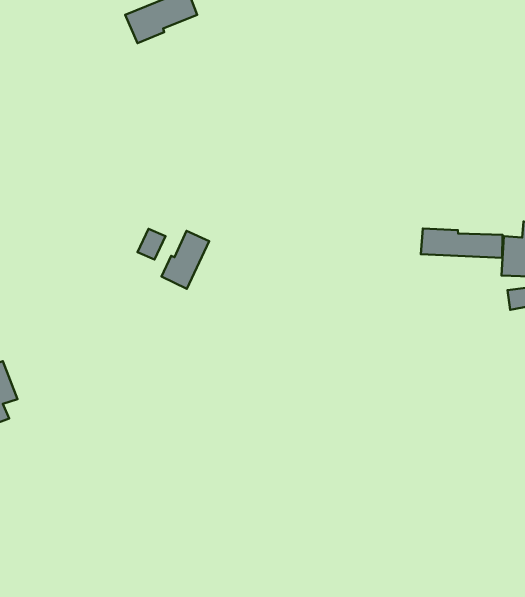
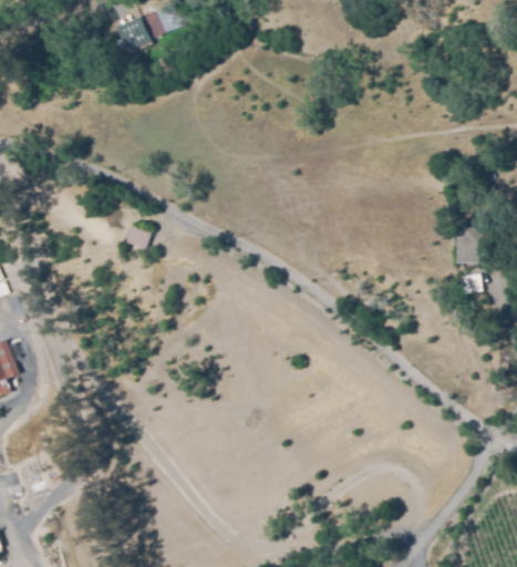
building: [421,229,502,258] -> none
building: [162,231,209,289] -> none

